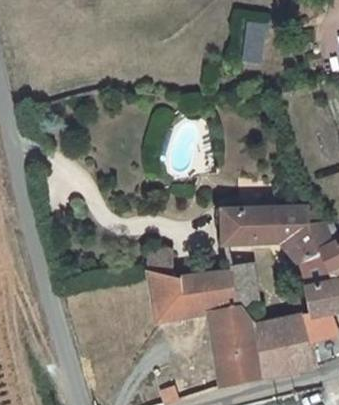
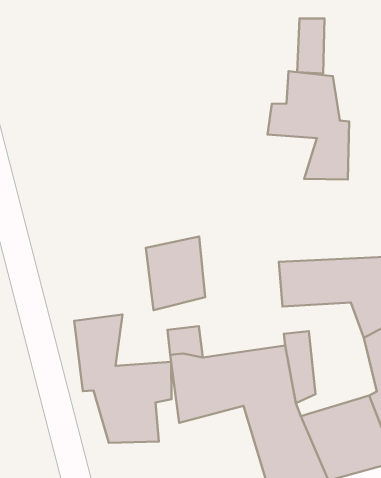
building: none -> [267,71,349,180]
building: none -> [146,237,205,310]
building: none -> [74,314,172,443]

